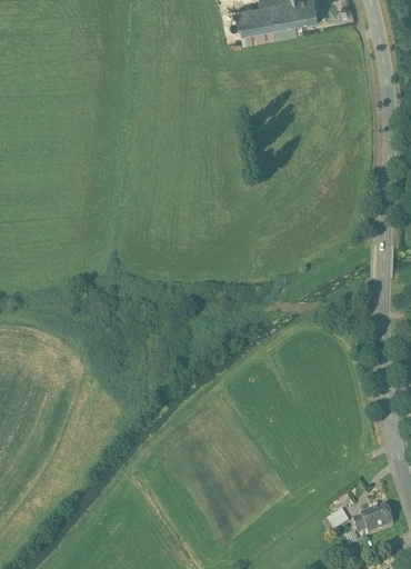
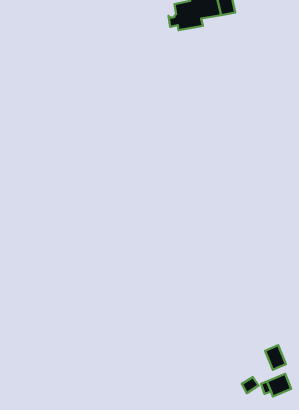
building: none -> [265,345,286,370]

